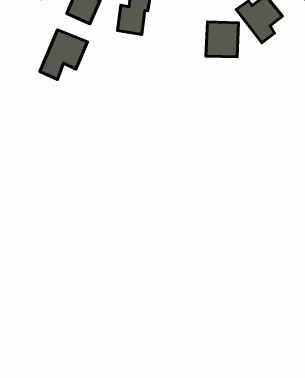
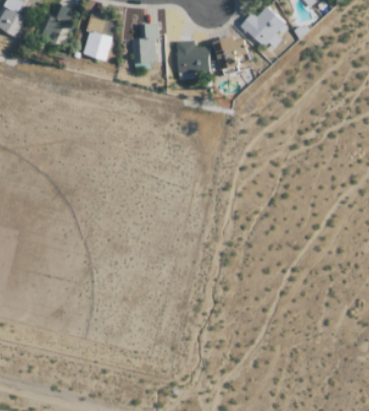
building: none -> [177,41,210,79]
building: [40,30,87,79] -> none

